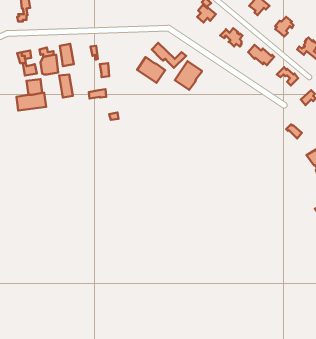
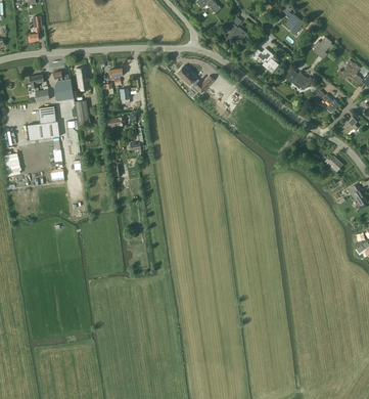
building: [137,57,165,83] -> none
building: [175,61,202,90] -> none

